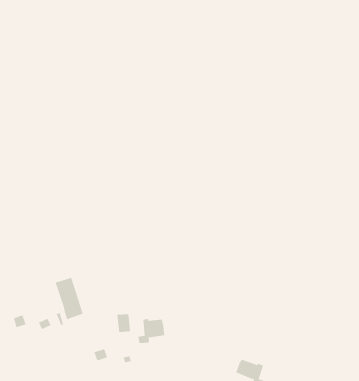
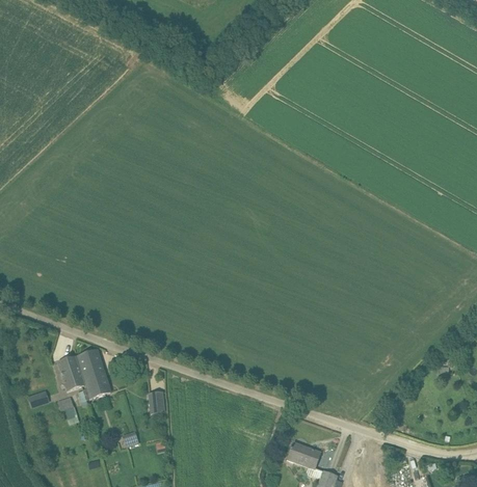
building: none -> [58,355,84,389]
building: [138,317,165,344] -> none

